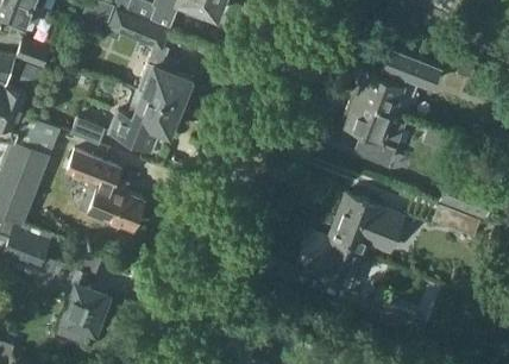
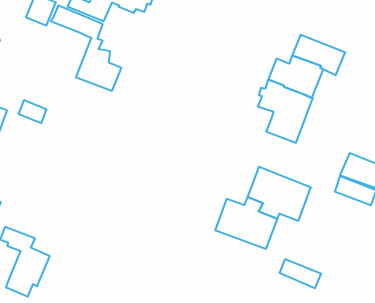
building: [107,93,178,152] -> none
building: [65,149,149,232] -> none

